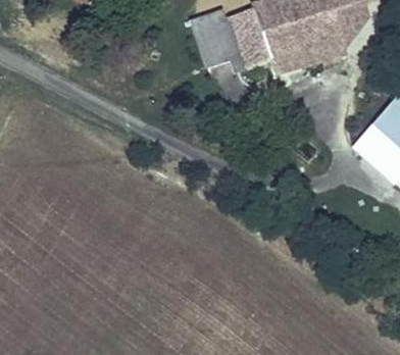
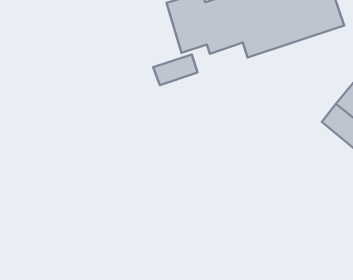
building: none -> [153,55,198,85]

